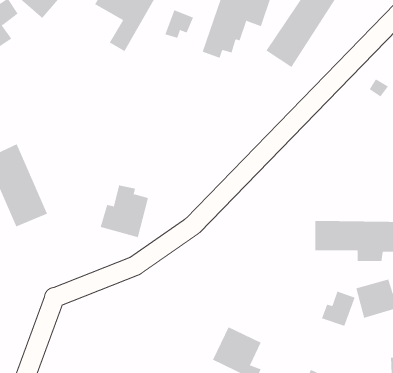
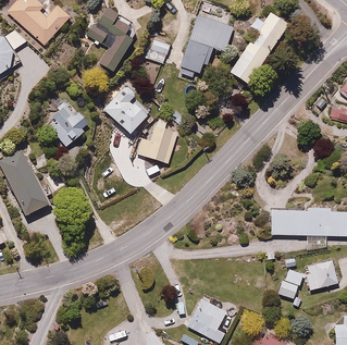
building: none -> [101,82,150,135]
building: none -> [50,100,86,146]
building: [100,185,149,238] -> [137,119,177,162]

